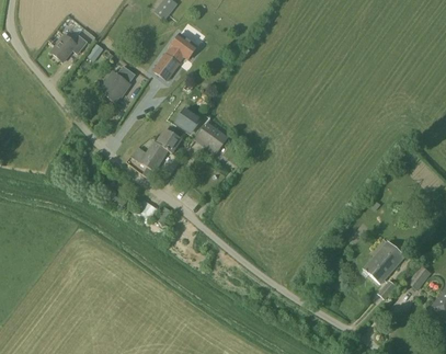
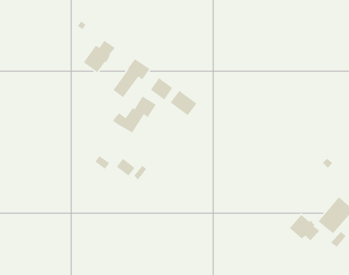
building: [52,34,88,61] -> none
building: [155,34,197,79] -> [112,58,150,98]
building: none -> [289,214,320,241]

